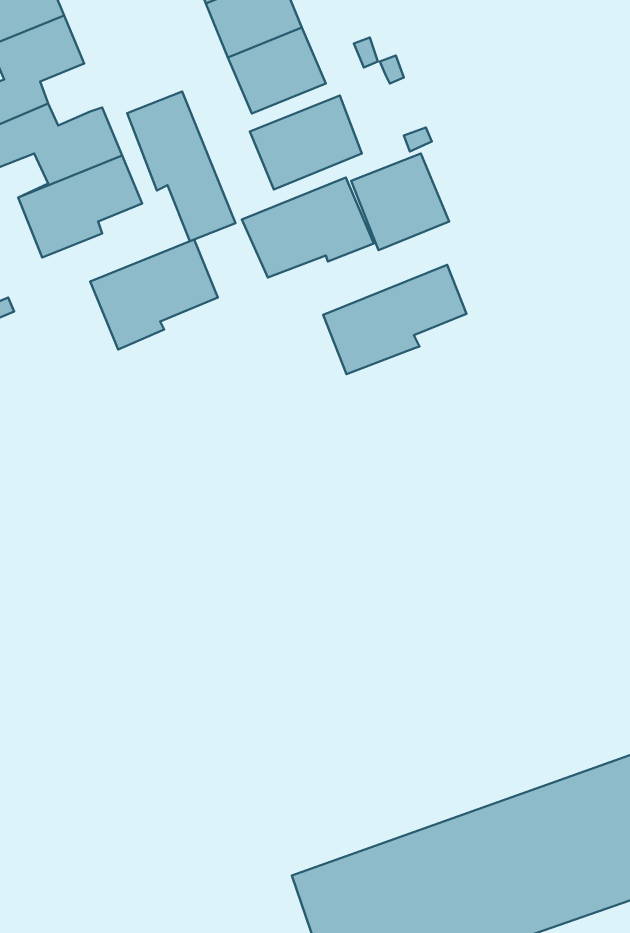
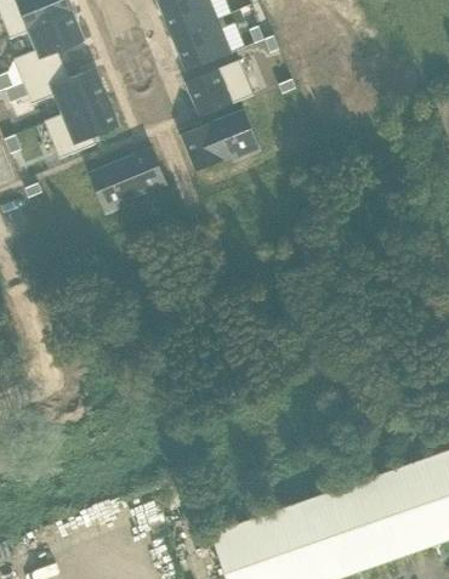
building: [127,91,236,241] -> none
building: [351,154,449,250] -> none
building: [323,265,466,374] -> none

